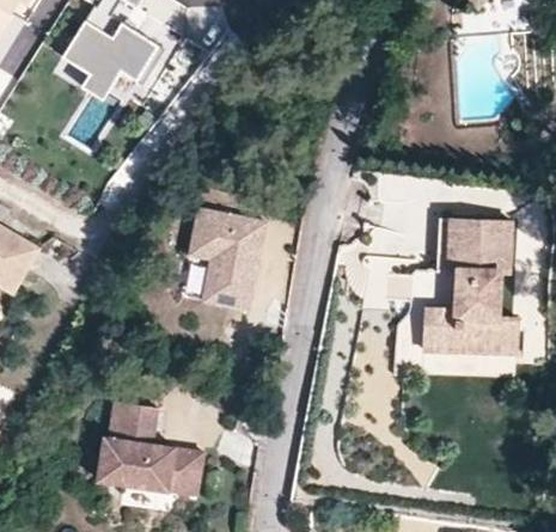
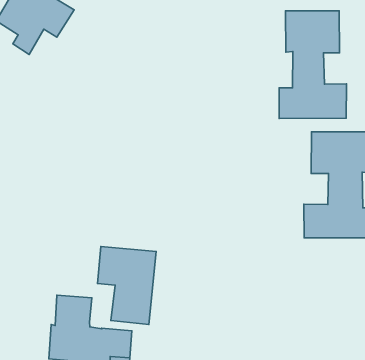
building: none -> [279,11,346,118]
building: [188,210,263,311] -> [98,247,156,325]

